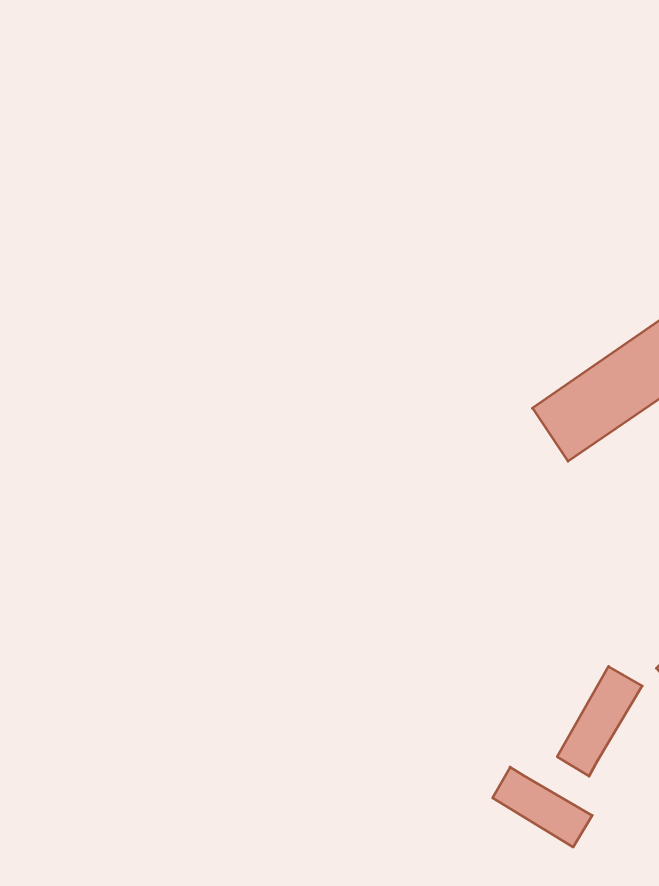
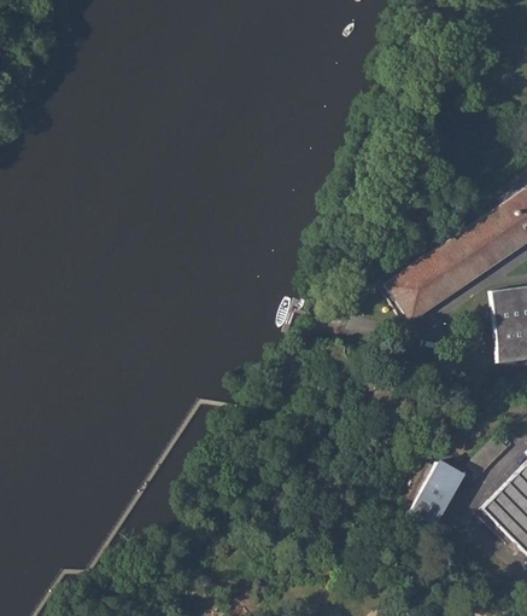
building: [493,767,592,847] -> none

